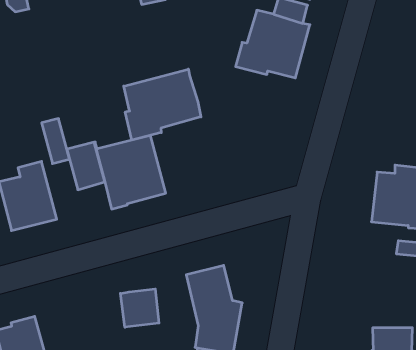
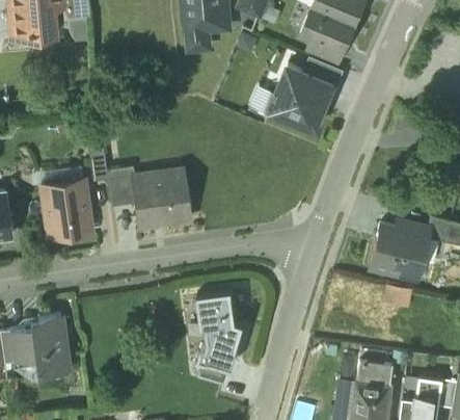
building: [124,69,201,140] -> none
building: [120,289,159,327] -> none

